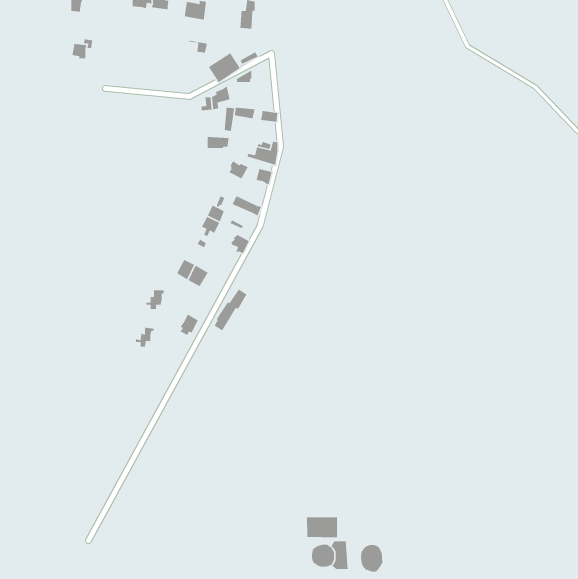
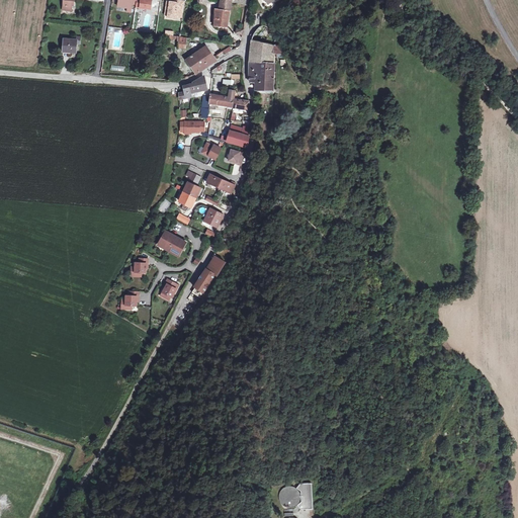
building: none -> [248,25,283,88]
building: [306,517,338,538] -> none
building: [360,544,383,572] -> none

